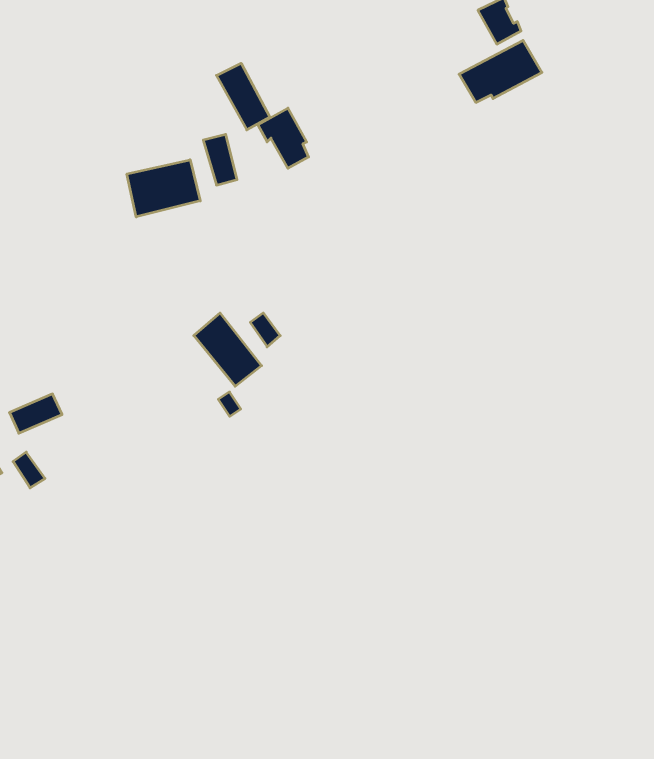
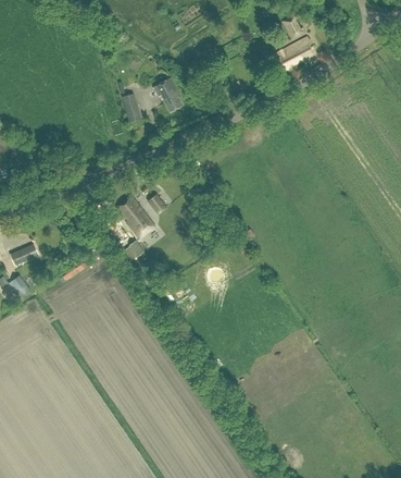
building: [216,63,270,130] -> none
building: [127,160,200,217] -> none

